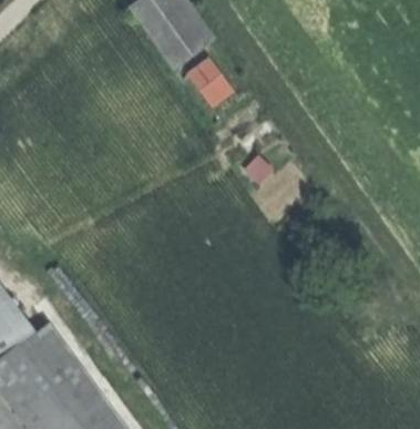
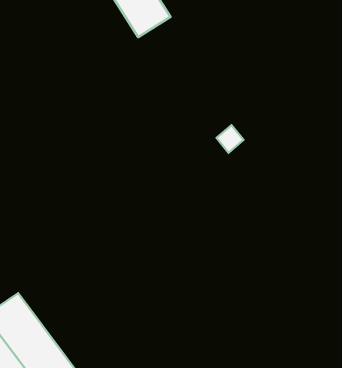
building: [189,57,238,109] -> none

